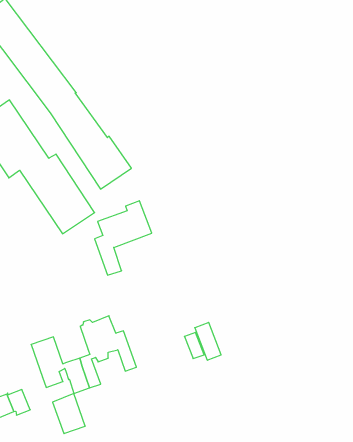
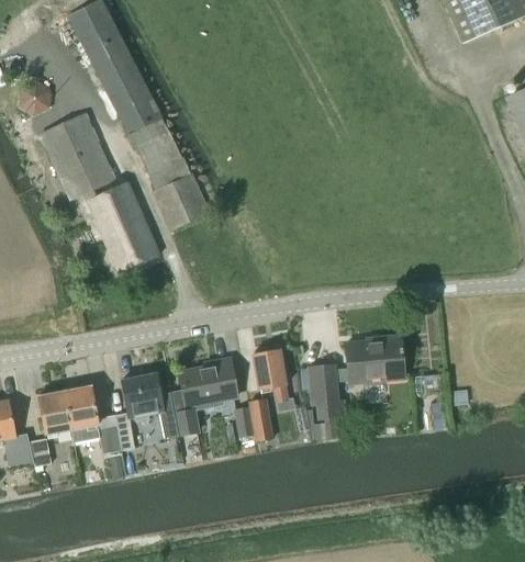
building: [95,201,152,275] -> [172,357,237,434]
building: none -> [311,335,404,420]
building: none -> [252,348,287,401]
building: [53,394,85,434] -> [38,390,70,432]

